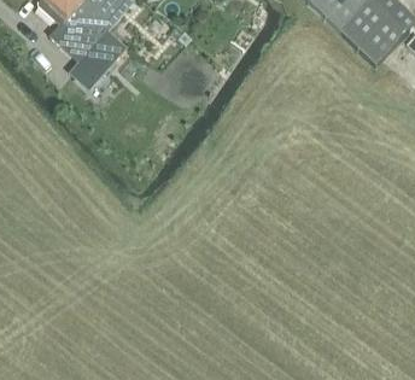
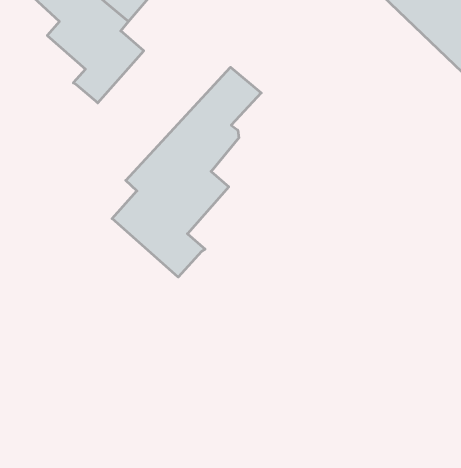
building: none -> [112,67,261,277]

